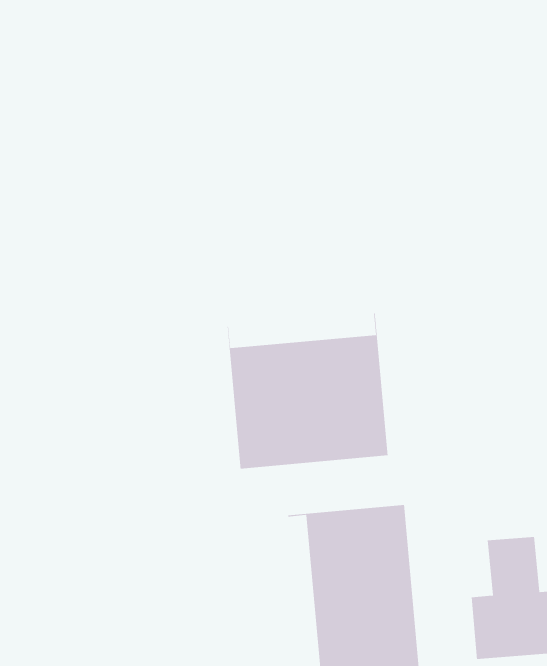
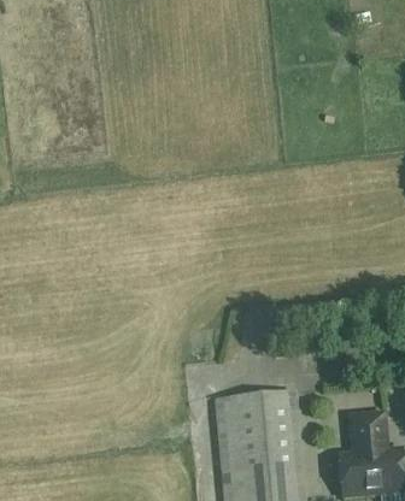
building: [227,312,388,469] -> none

